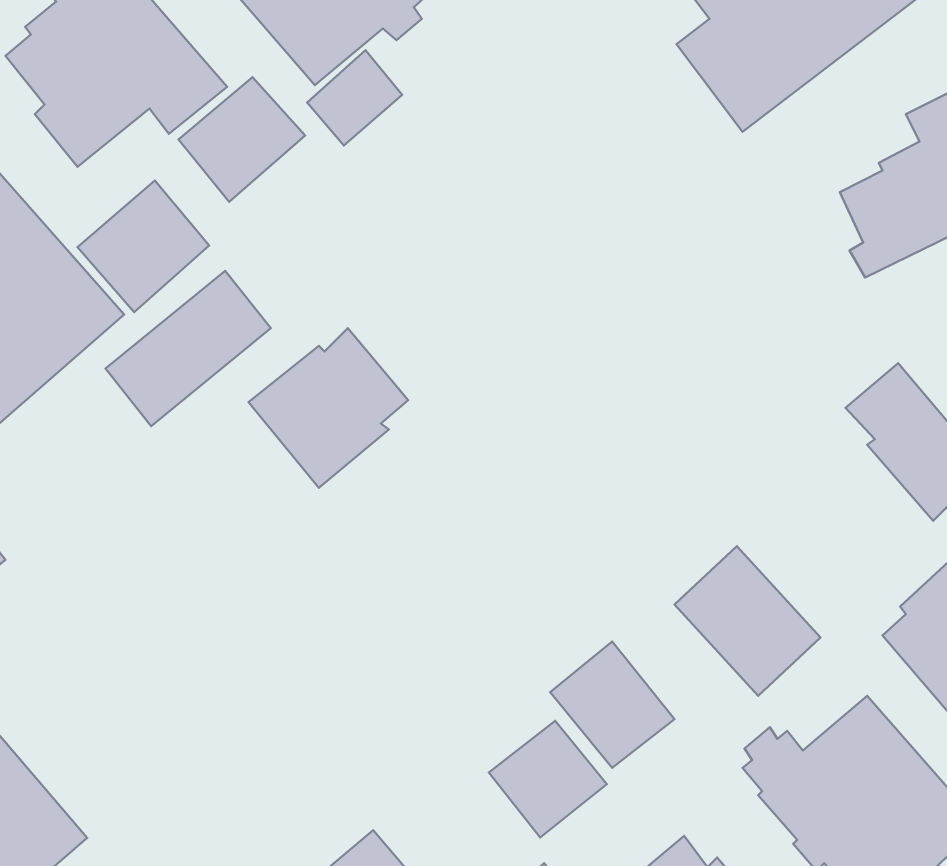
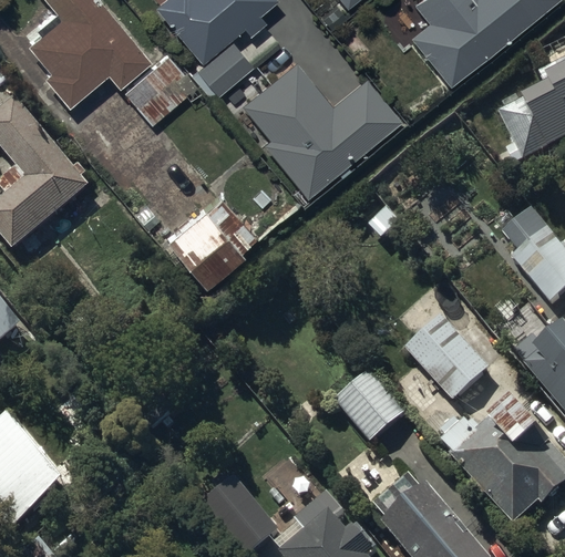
building: none -> [243,59,402,194]
building: [77,181,209,312] -> none
building: [106,271,271,426] -> none
building: [489,721,607,837] -> none

